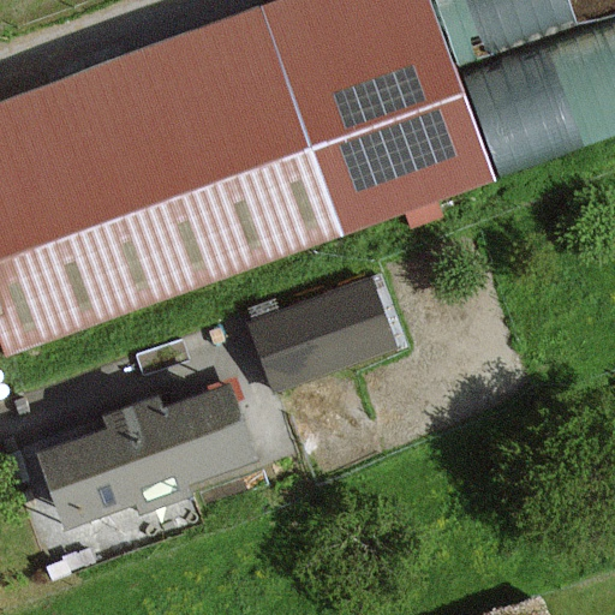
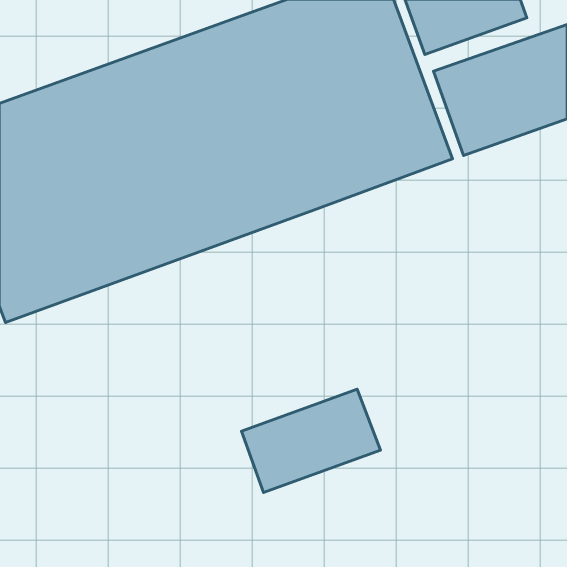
building: [249,277,399,389] -> [241,389,380,492]
building: [37,382,263,530] -> none

